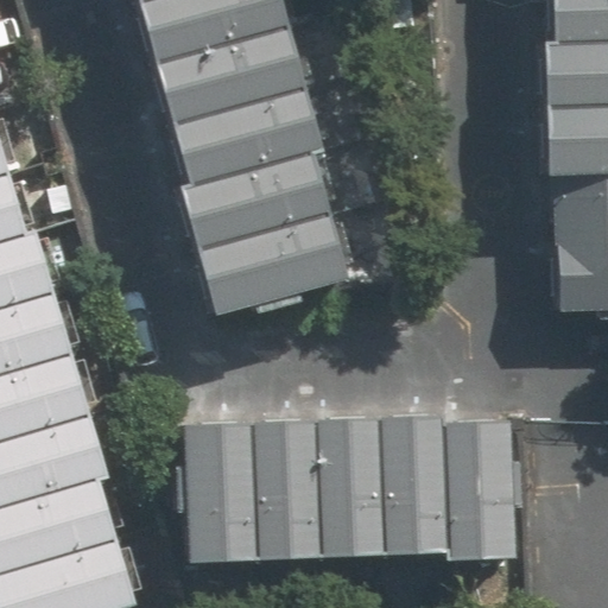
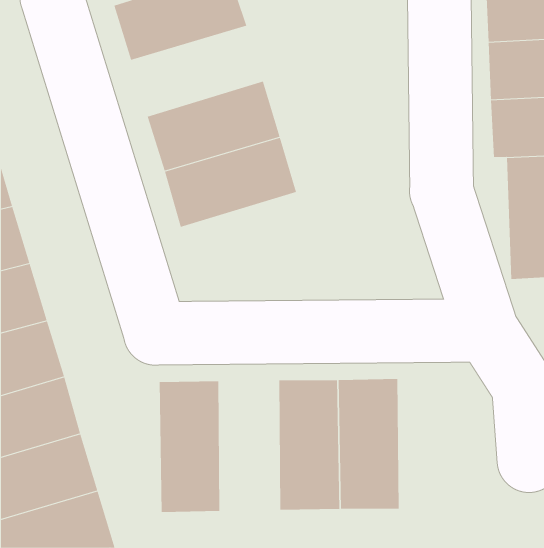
building: [152,28,298,128] -> none
building: [207,211,354,311] -> none
building: [446,416,513,560] -> none
building: [249,418,316,563] -> none

